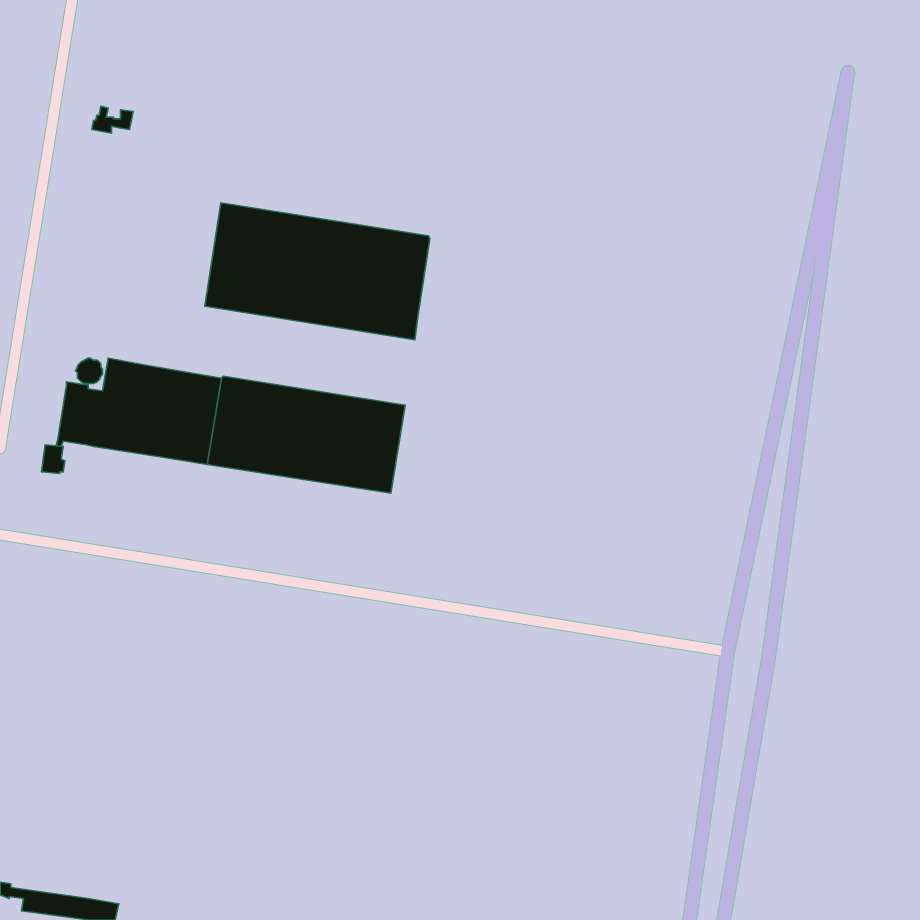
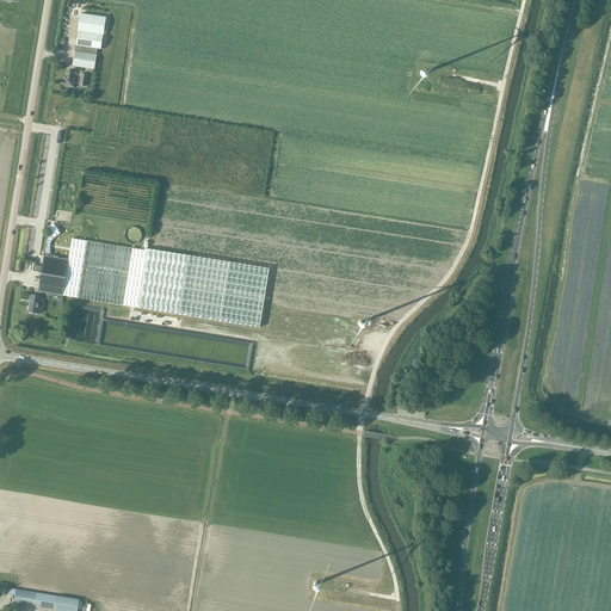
building: none -> [73,13,105,69]
building: [205,203,430,340] -> none

